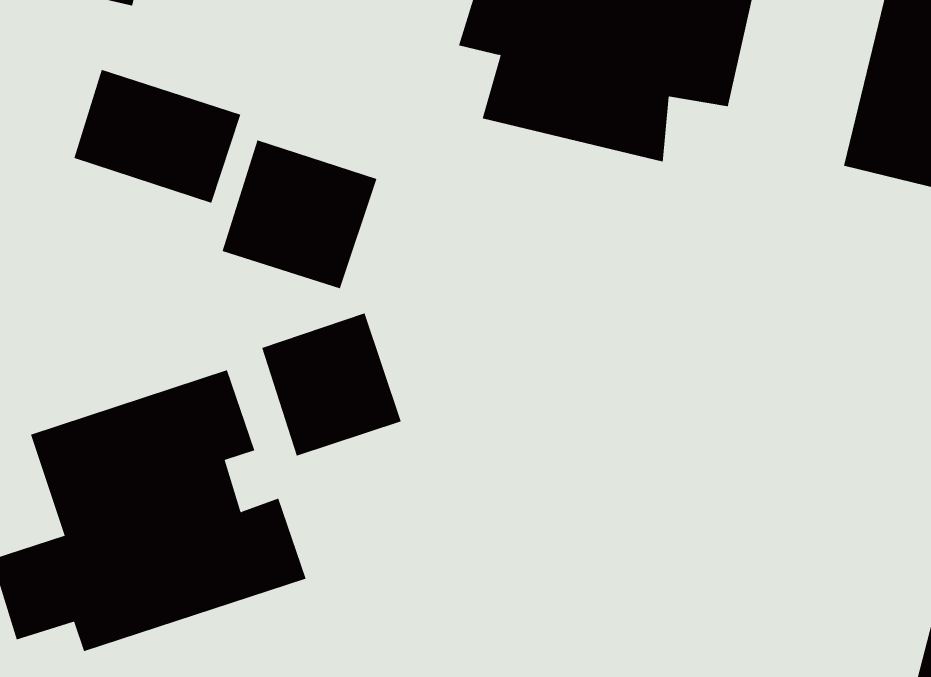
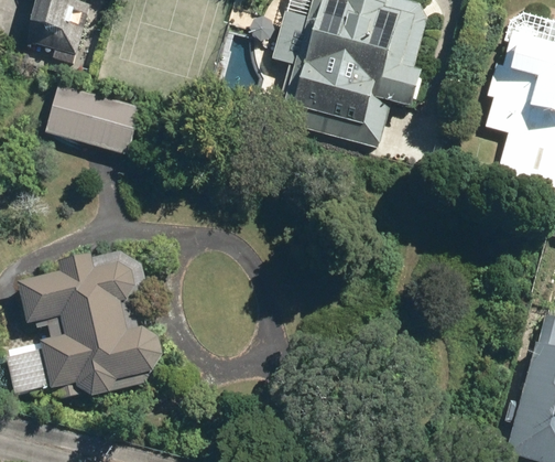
building: [222,140,377,289] -> none
building: [261,312,402,456] -> none

